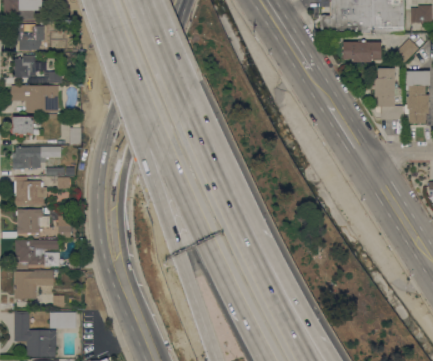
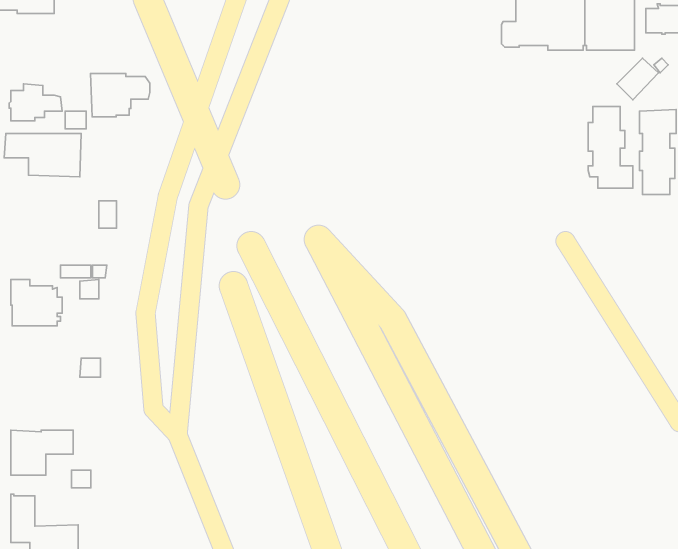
building: [15,23,52,50] -> [91,73,150,117]
building: [342,40,380,61] -> none
building: [12,116,32,137] -> none
building: [12,146,60,171] -> none
building: [14,208,49,234] -> none
building: [15,239,59,268] -> none
building: [49,311,75,328] -> none

